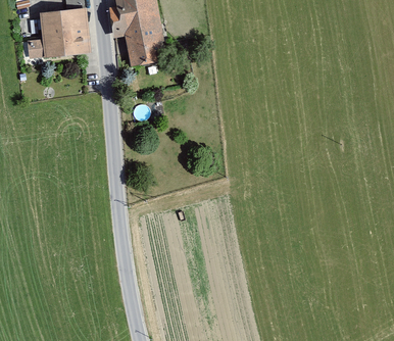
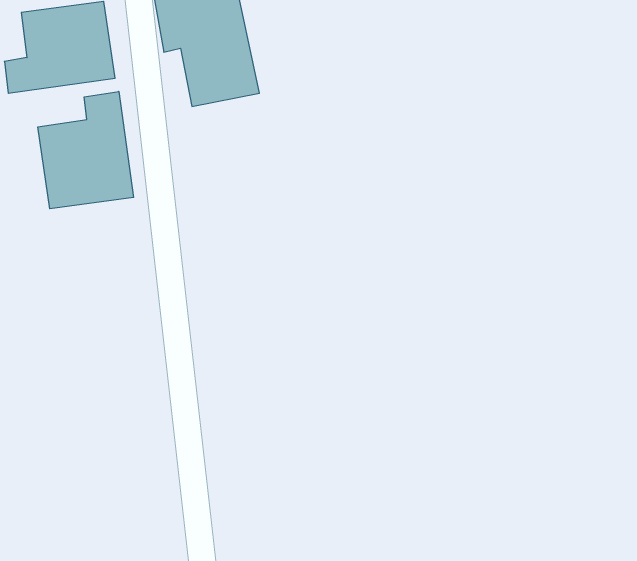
building: none -> [38,91,134,209]

